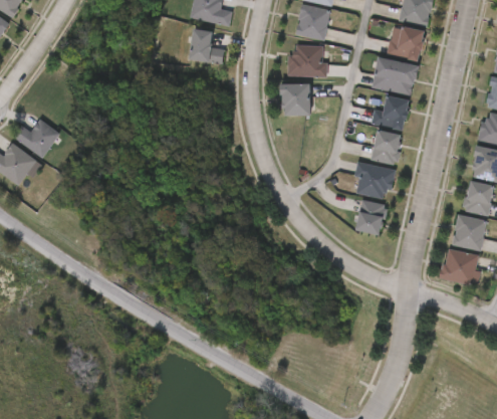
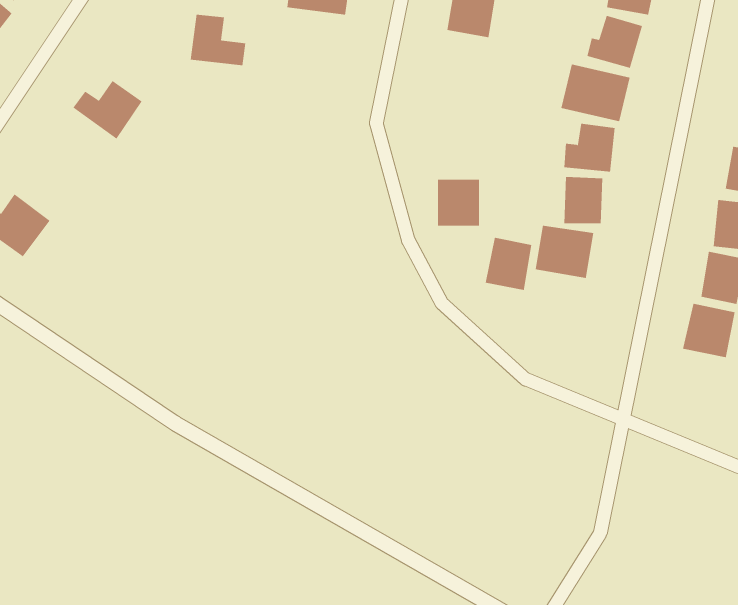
building: [188,29,225,63] -> [190,14,246,66]
building: [288,44,327,77] -> none
building: [280,83,308,115] -> [437,179,480,226]
building: [12,119,58,158] -> [73,80,143,140]
building: [354,200,386,235] -> [485,237,532,291]
building: [440,248,480,286] -> none

